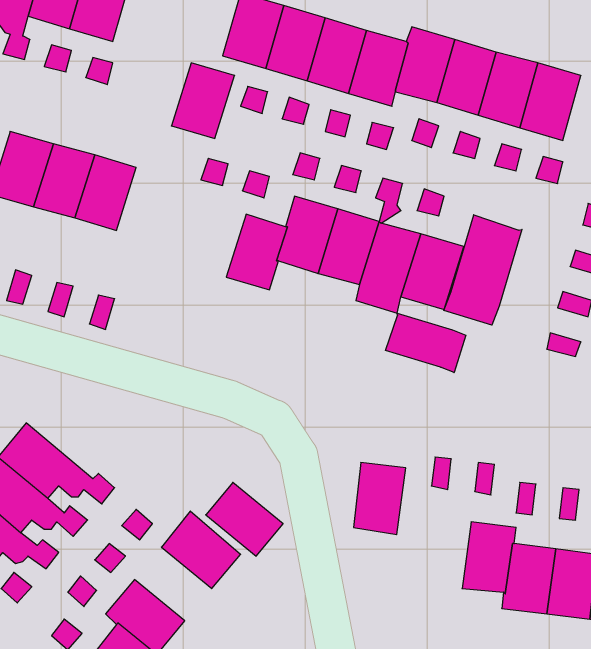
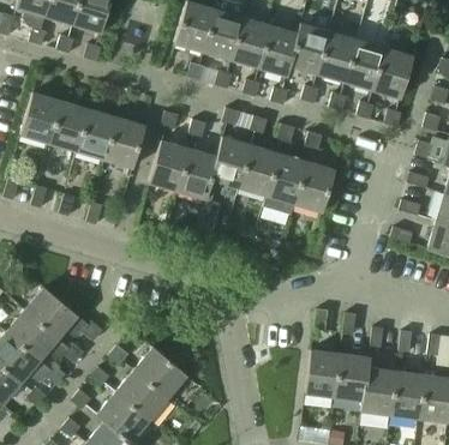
building: [171,63,235,138] -> [104,118,146,168]
building: none -> [150,140,191,191]
building: [444,215,522,325] -> none
building: [386,313,466,373] -> none
building: [354,463,406,535] -> [306,350,341,398]
building: [206,482,283,556] -> [116,371,168,420]

